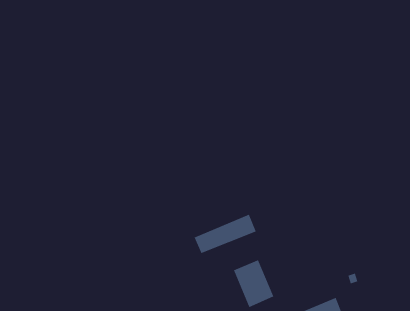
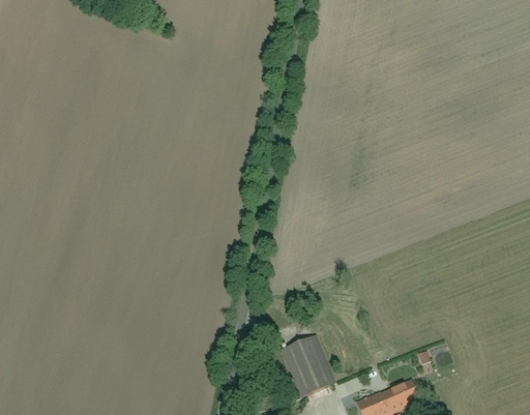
building: [194,214,257,254] -> none

